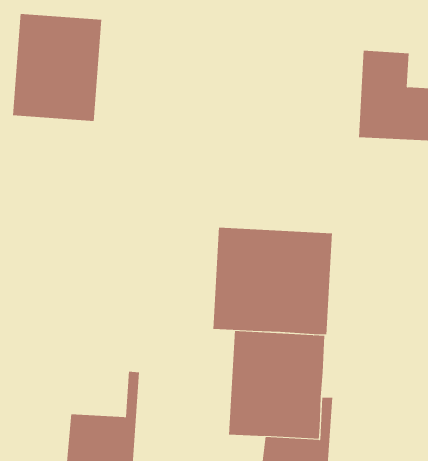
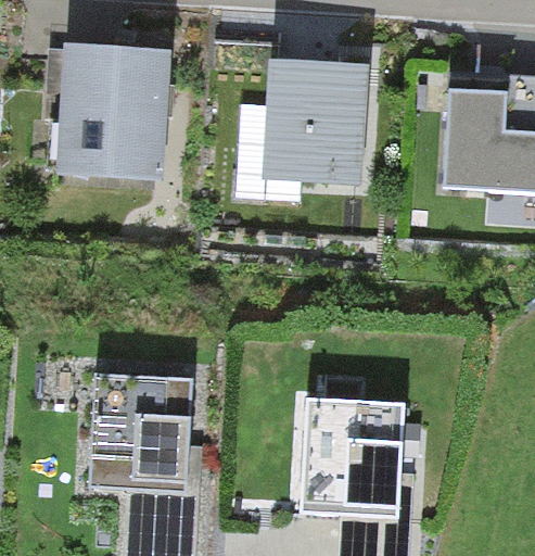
building: none -> [268,67,361,173]
building: [213,227,332,335] -> none
building: none -> [87,374,191,491]

